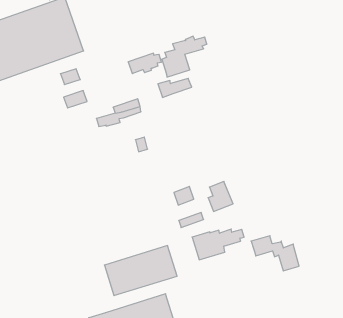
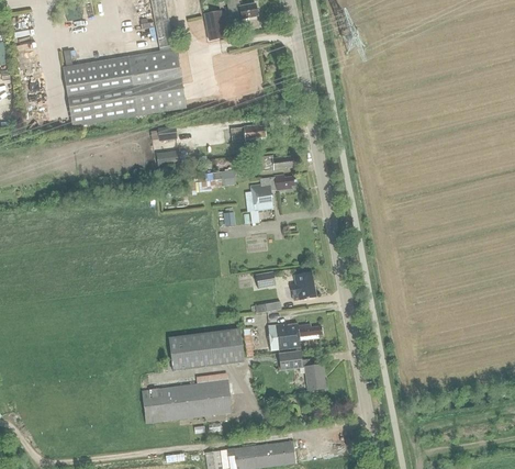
building: [162,36,207,77] -> [245,172,295,211]
building: [251,236,299,271] -> [278,349,324,389]

